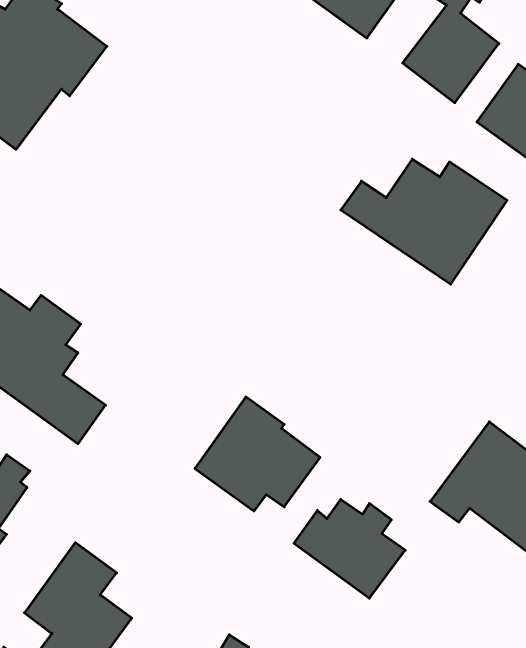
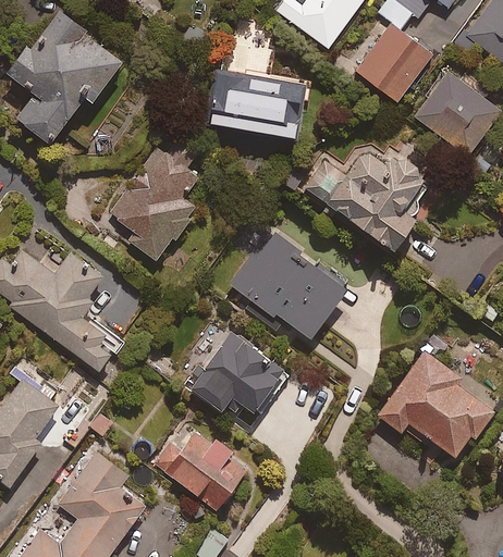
building: none -> [210,81,305,141]
building: none -> [109,137,198,260]
building: none -> [230,232,347,336]
building: [294,499,405,598] -> [156,431,244,509]

